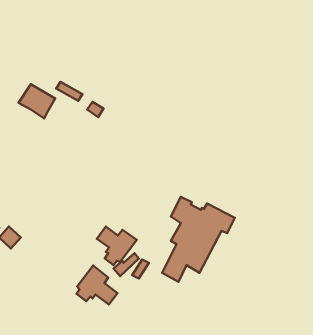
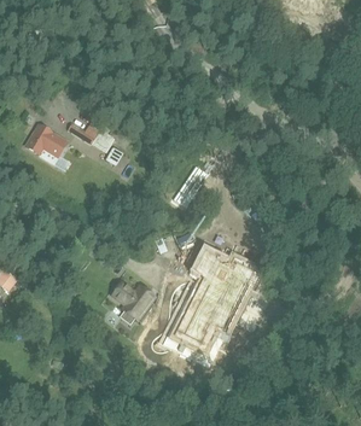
building: [76,265,117,304] -> none

